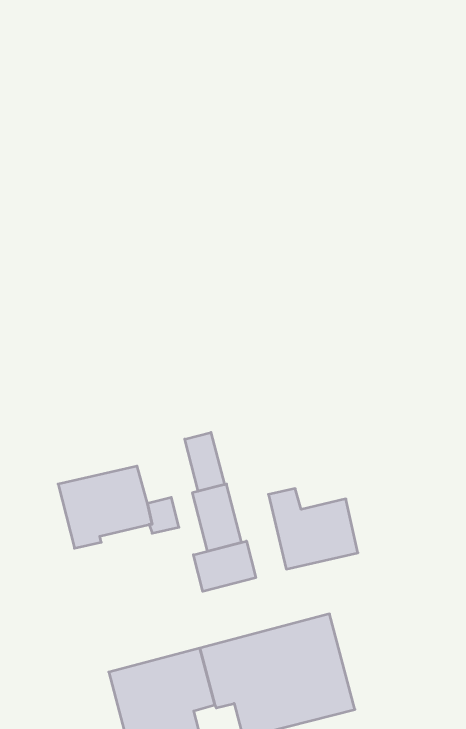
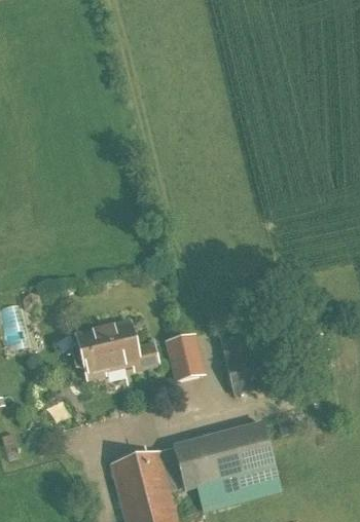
building: [185,432,224,491] -> none
building: [193,541,256,591] -> none

